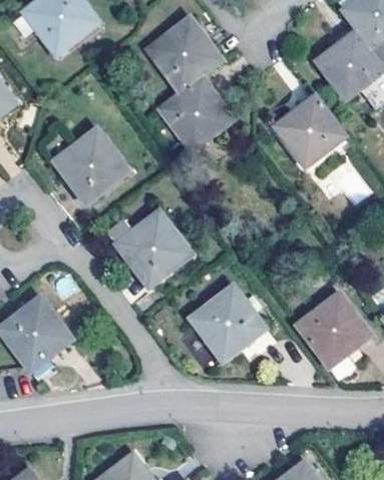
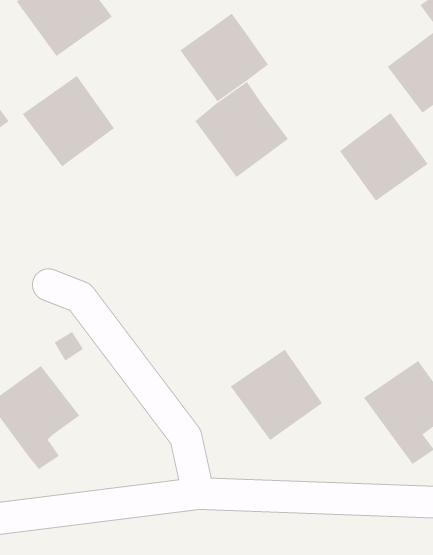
building: [53,129,127,202] -> [22,75,115,167]
building: [114,209,188,284] -> none

